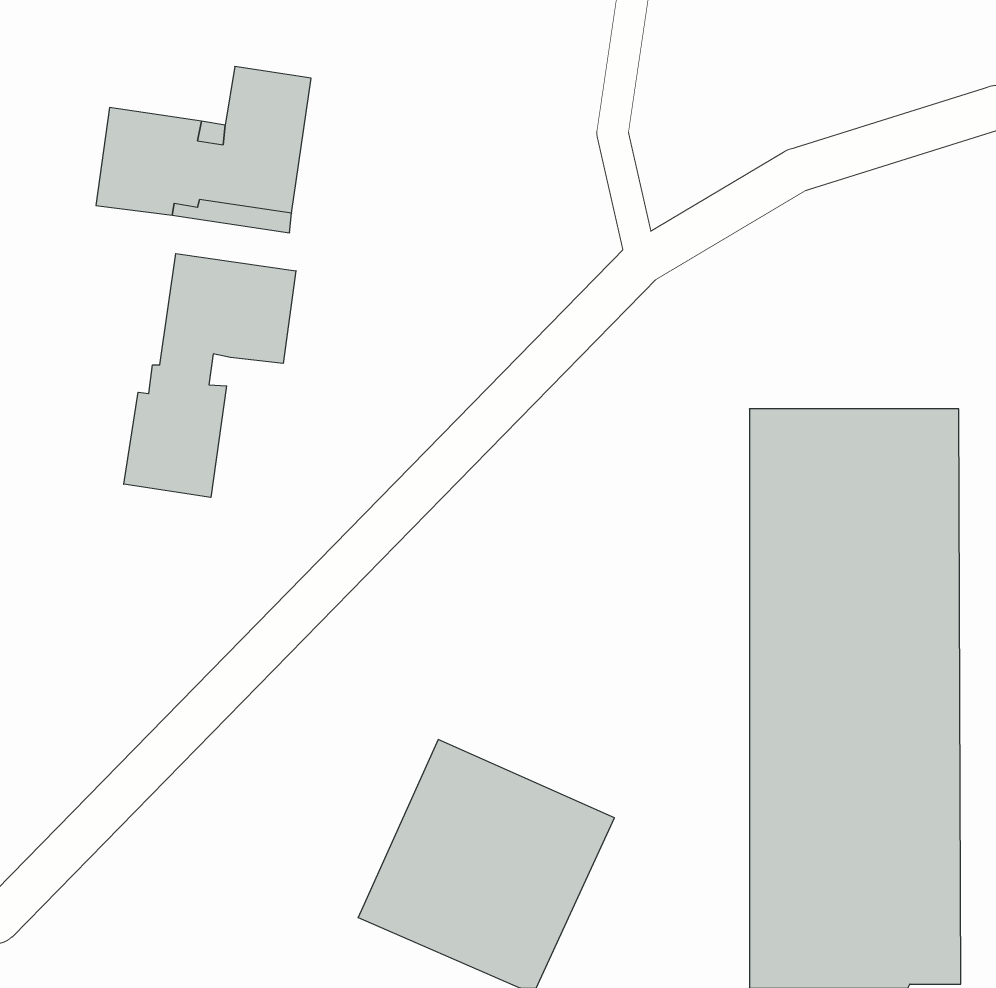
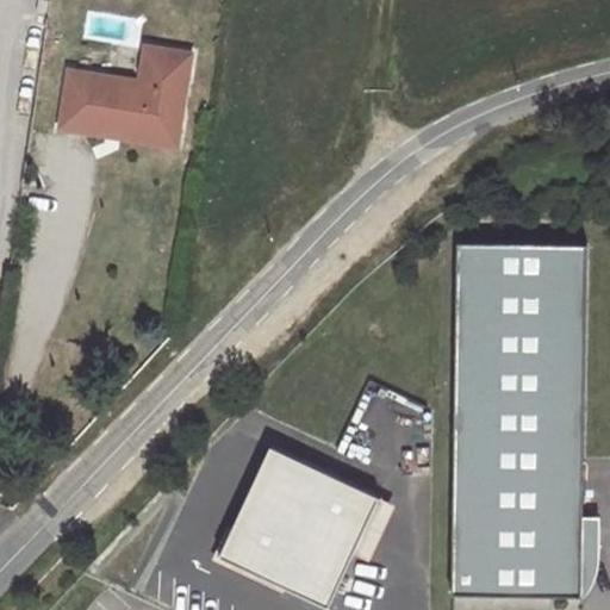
building: [124,254,296,497] -> none

